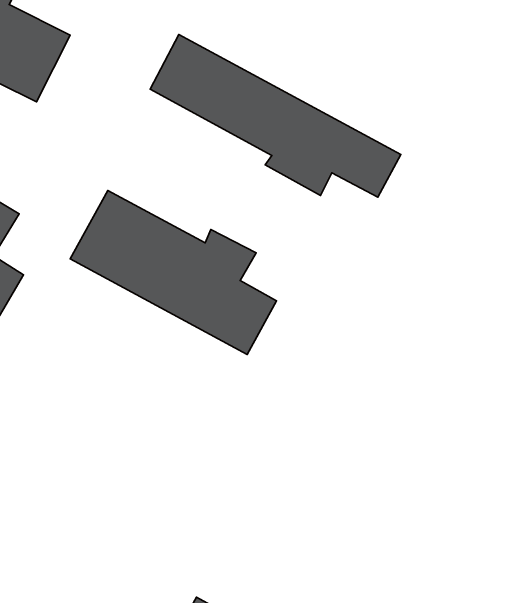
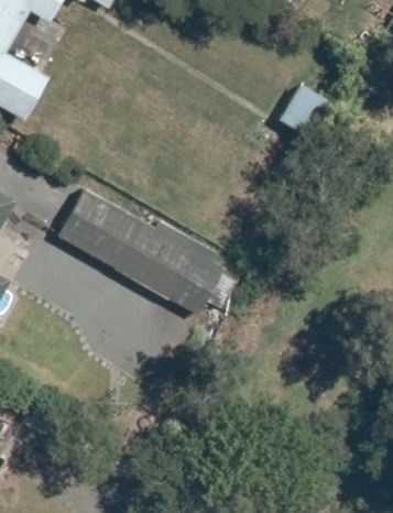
building: [150,34,401,197] -> none

